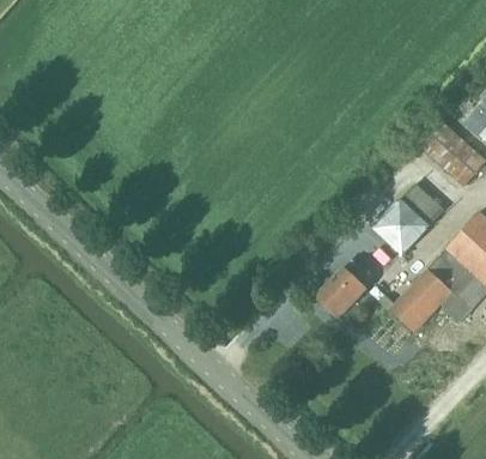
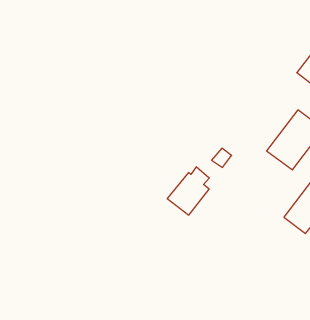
building: [314,261,365,318] -> [167,167,209,215]

